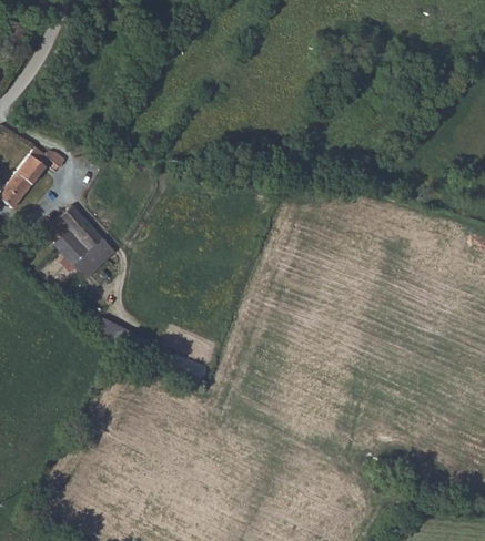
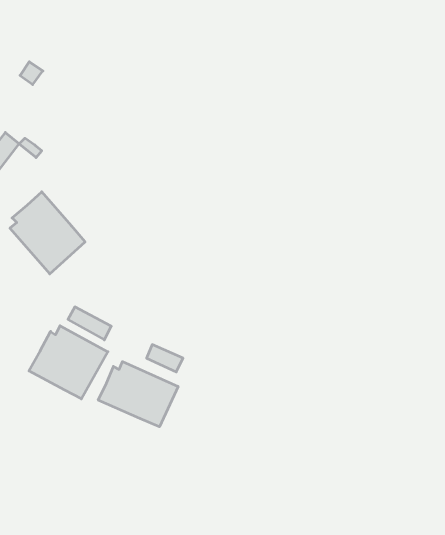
building: none -> [29,326,108,399]
building: none -> [98,362,178,427]

